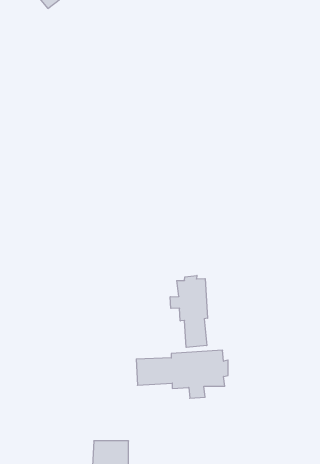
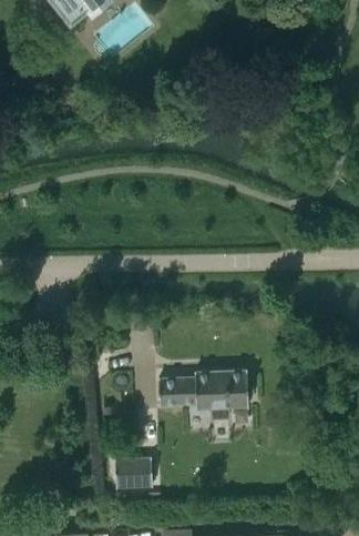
building: [170,275,208,347] -> none

